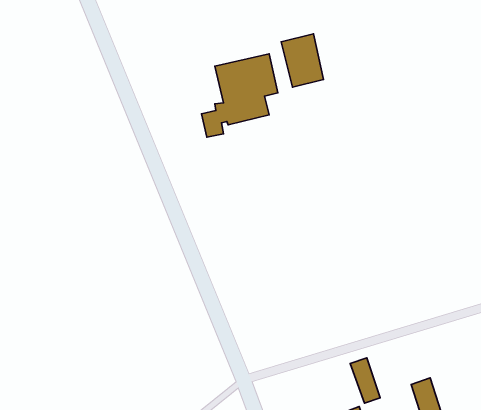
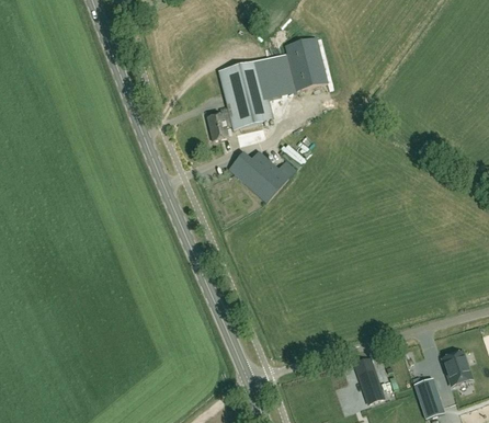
building: none -> [228,150,296,202]
building: none -> [443,351,471,384]

